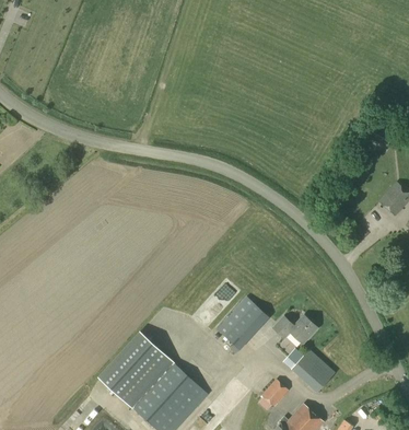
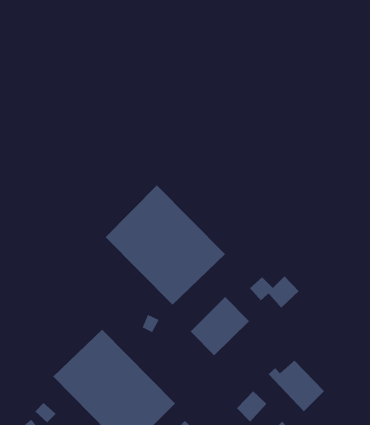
building: none -> [105,184,226,306]
building: [272,314,317,344] -> [249,275,300,309]

